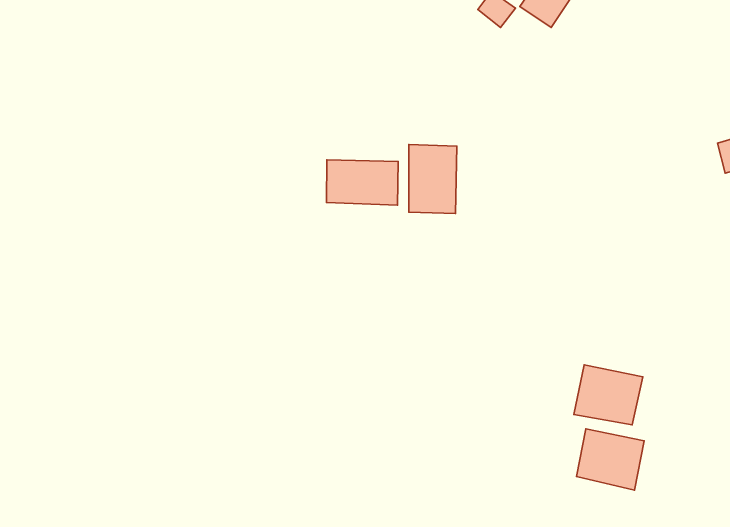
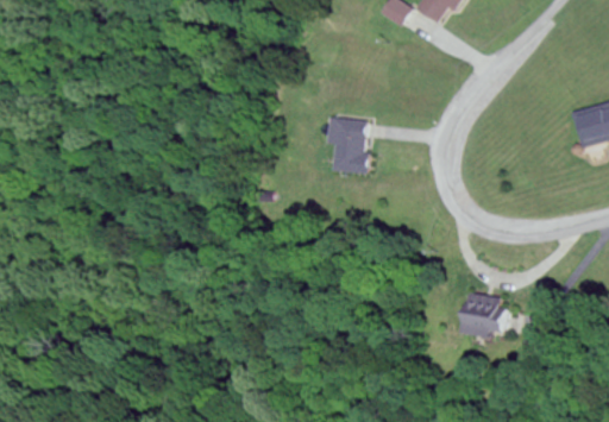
building: [326,160,398,205] -> none
building: [577,429,644,490] -> none

